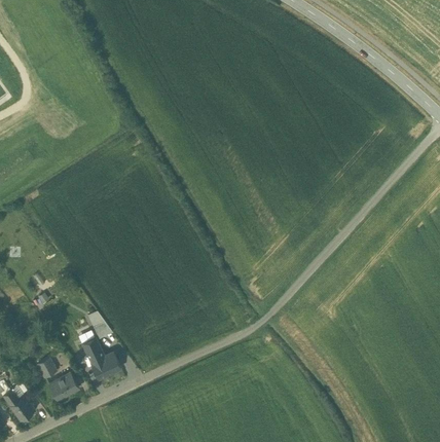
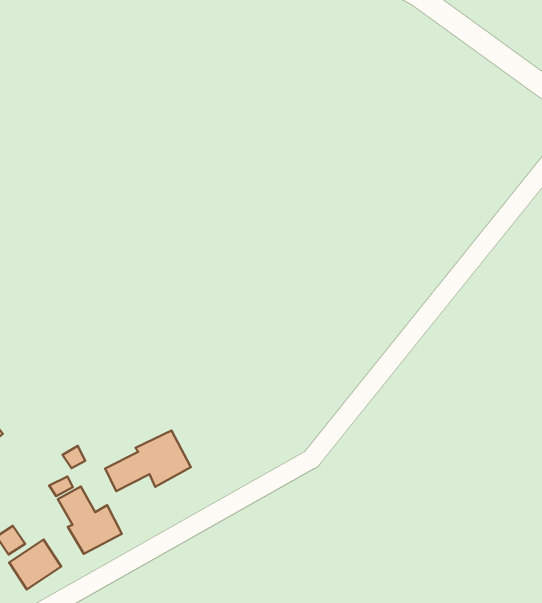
building: none -> [105,430,191,491]

